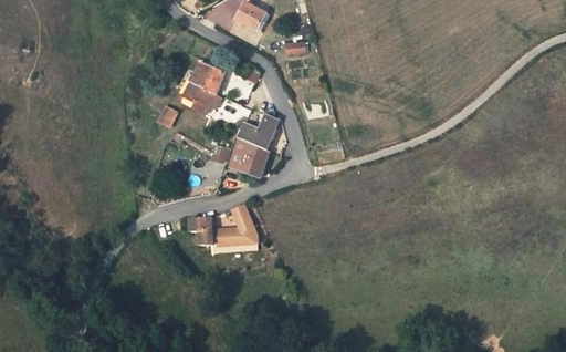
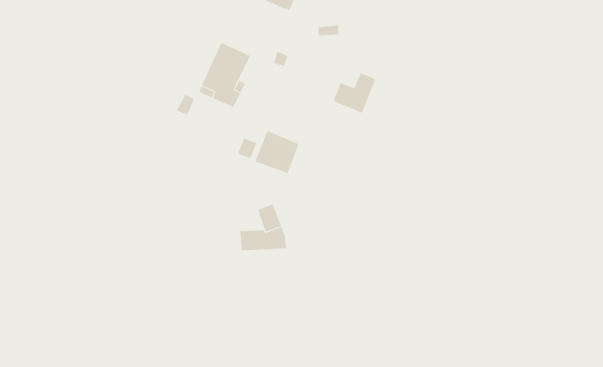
building: [240,113,279,149] -> [333,73,376,114]
building: [188,217,213,245] -> none

